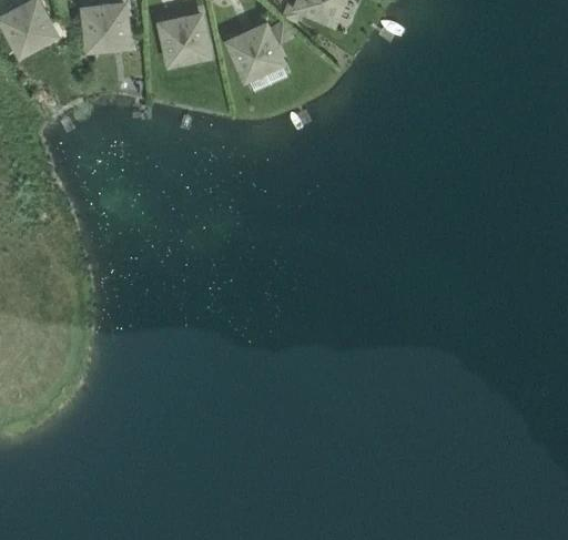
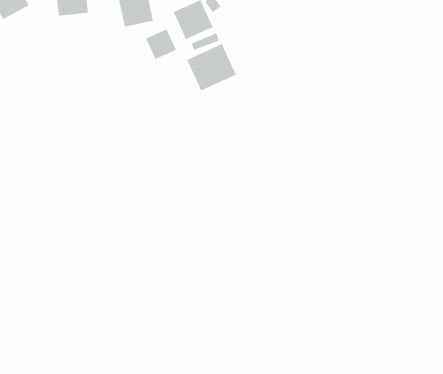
building: none -> [146,28,177,60]
building: none -> [186,43,236,91]

